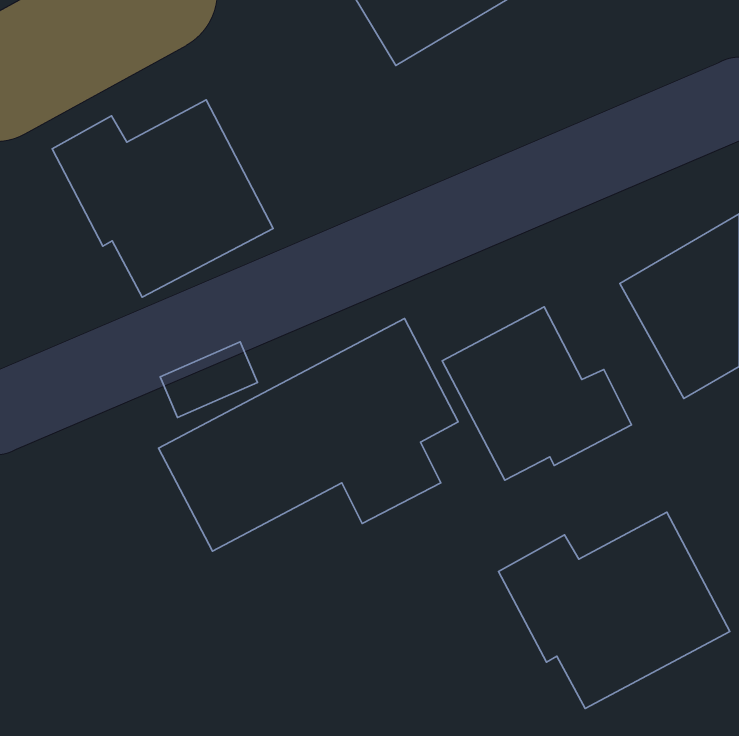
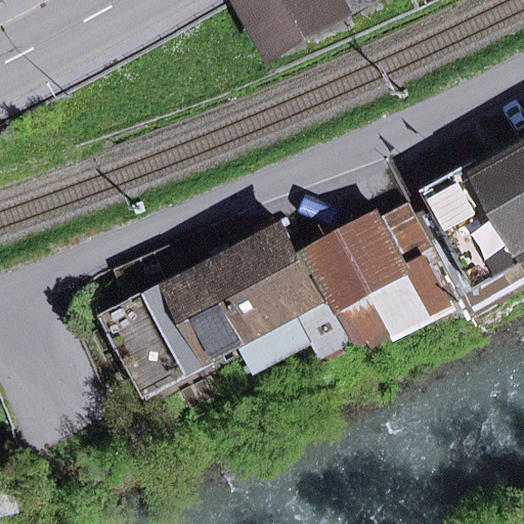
building: [52,100,273,297] -> none
building: [499,512,730,709] -> none

